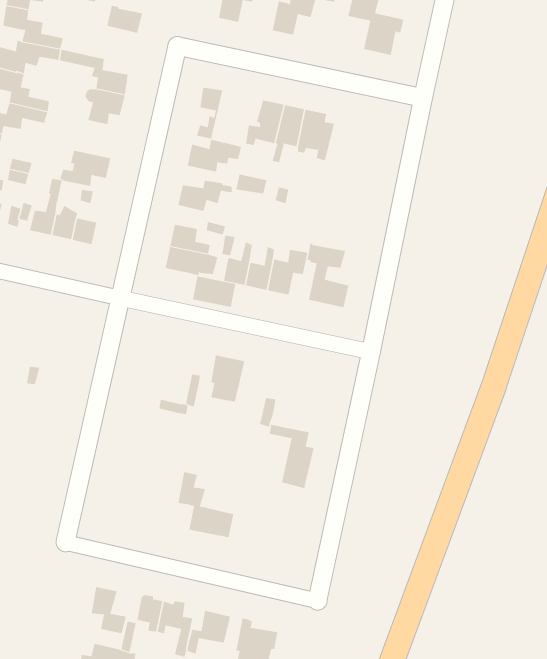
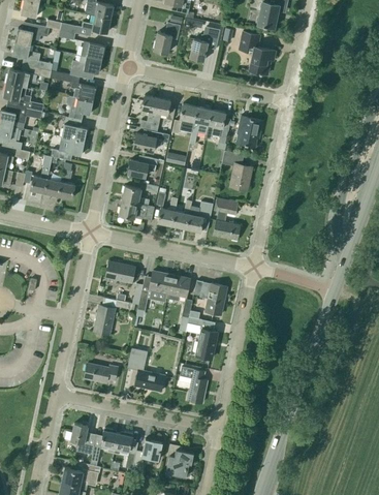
building: none -> [69,55,101,79]
building: none -> [150,97,175,132]
building: none -> [234,115,262,147]
building: none -> [59,117,87,142]
building: none -> [221,150,252,190]
building: [192,276,236,307] -> [105,261,134,282]
building: none -> [167,275,190,301]
building: none -> [193,280,226,314]
building: none -> [93,305,115,334]
building: none -> [84,363,118,382]
building: none -> [179,367,207,403]

